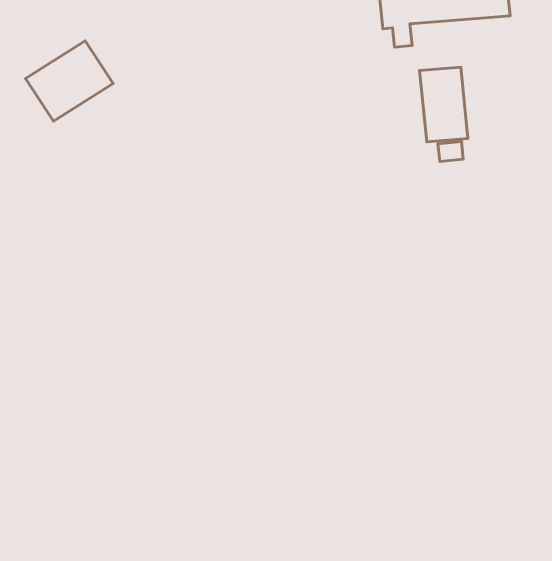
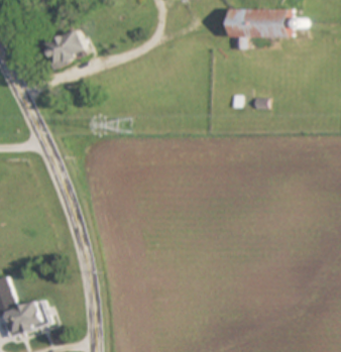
building: [420,67,468,142] -> none

